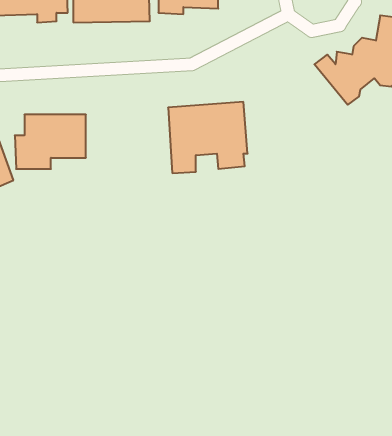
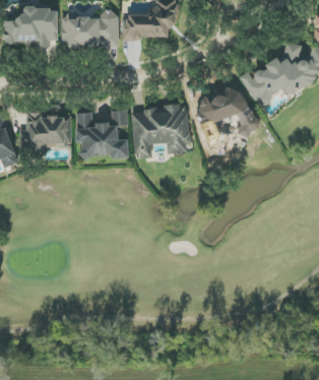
building: none -> [194,84,256,148]
building: none -> [75,110,128,157]

